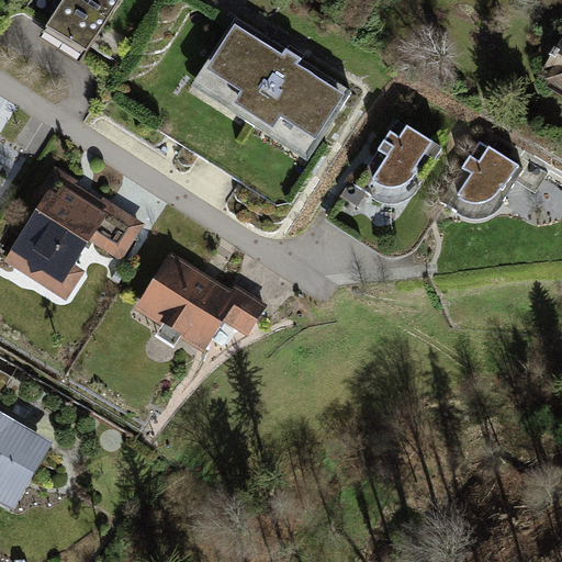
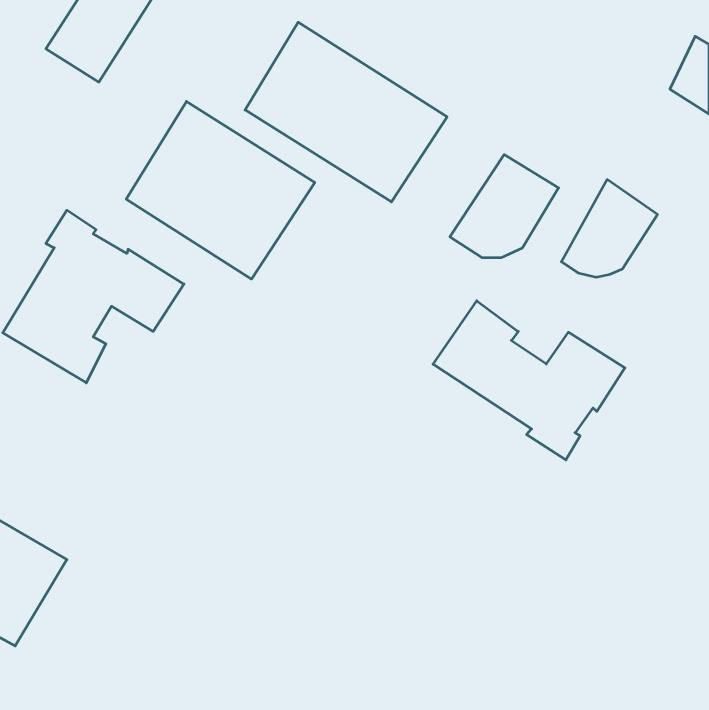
building: none -> [126,101,315,279]
building: none -> [433,301,625,460]
building: [134,251,266,353] -> none

